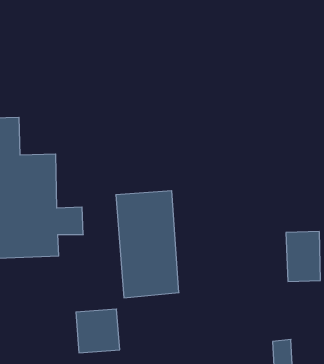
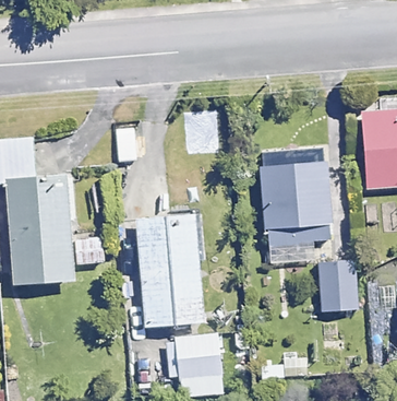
building: none -> [258,164,330,243]
building: [76,309,120,353] -> [173,332,220,379]

